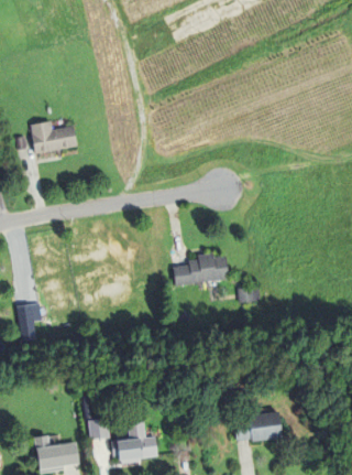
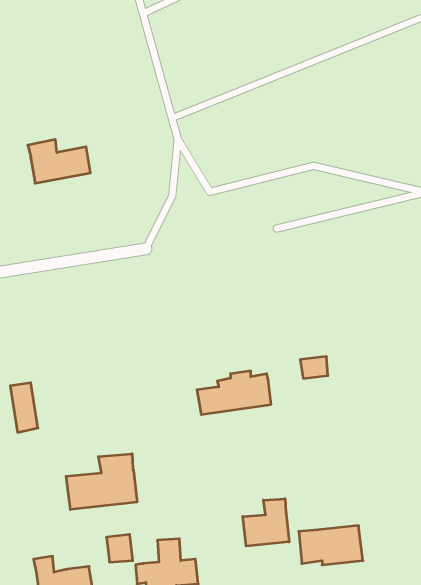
building: [173,253,229,287] -> [197,371,271,415]
building: none -> [66,454,137,510]
building: none -> [243,499,289,546]

